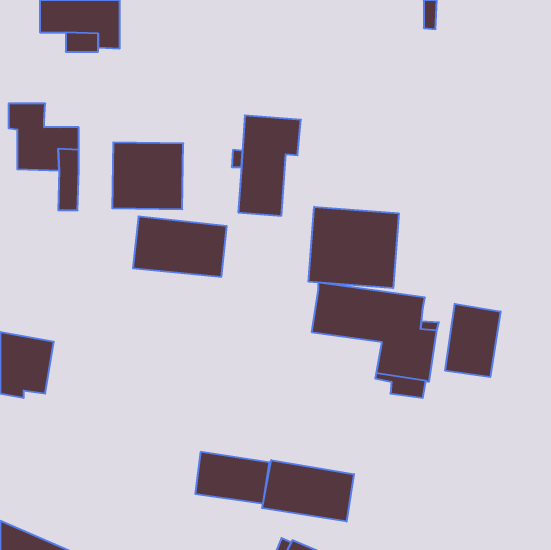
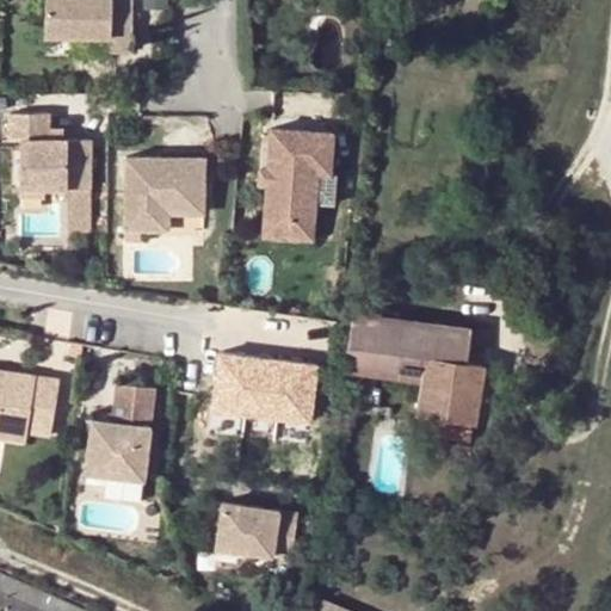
building: [309,207,399,288] -> none
building: [133,216,227,277] -> [212,352,316,419]
building: [445,304,501,377] -> none
building: none -> [86,383,155,480]
building: [262,460,354,522] -> none

